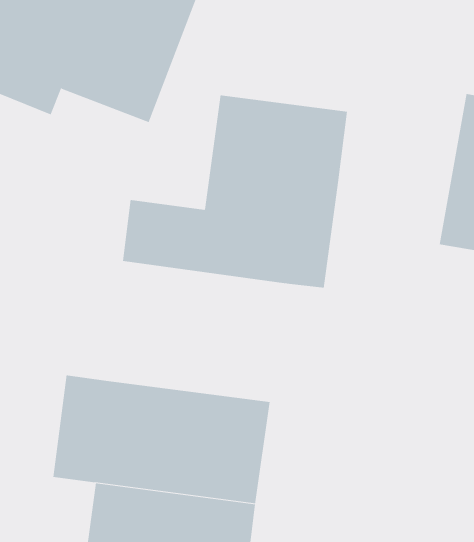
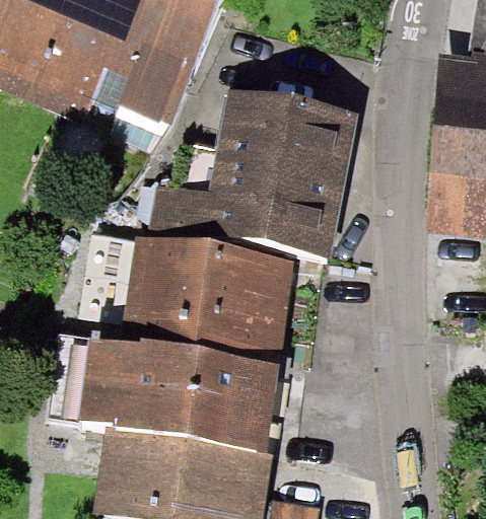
building: none -> [127,243,289,370]

